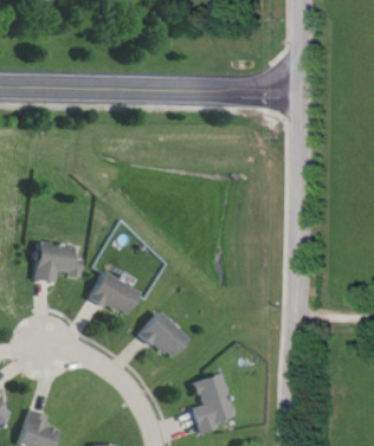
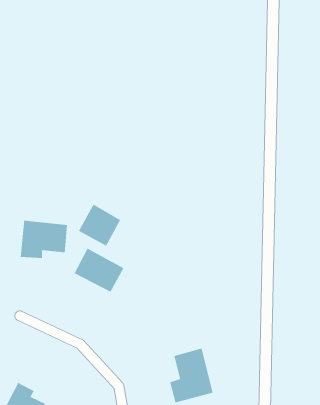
building: none -> [78,203,121,247]
building: [138,309,192,362] -> none

